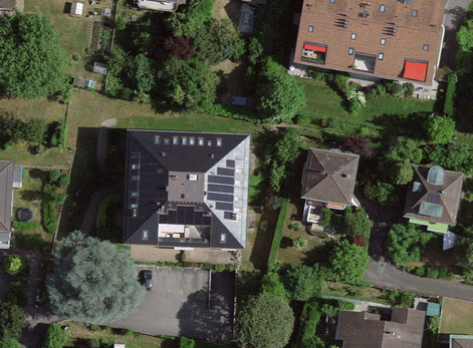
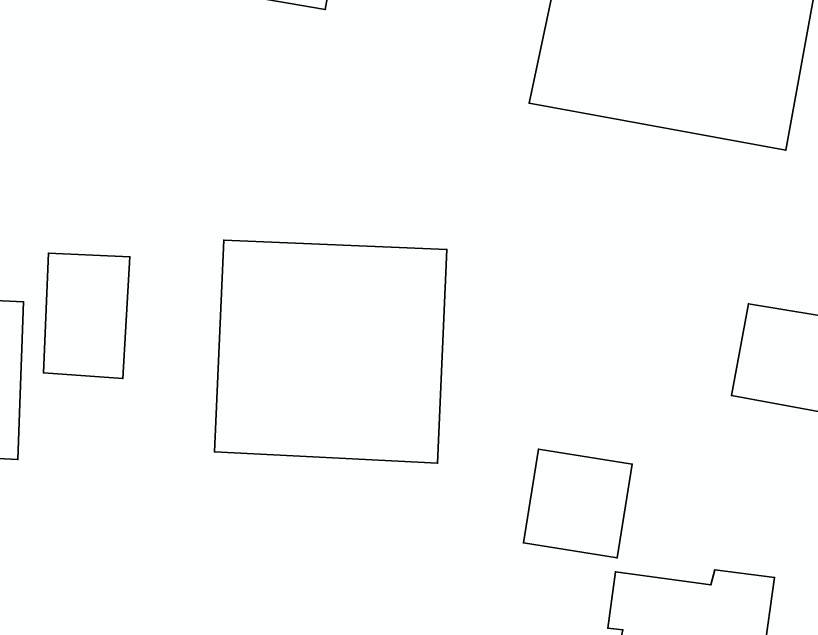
building: none -> [43,253,130,378]
building: [299,151,358,210] -> [524,449,632,558]

